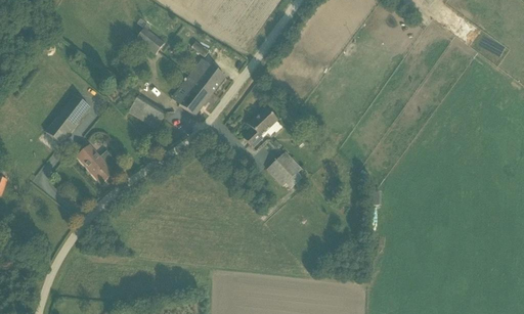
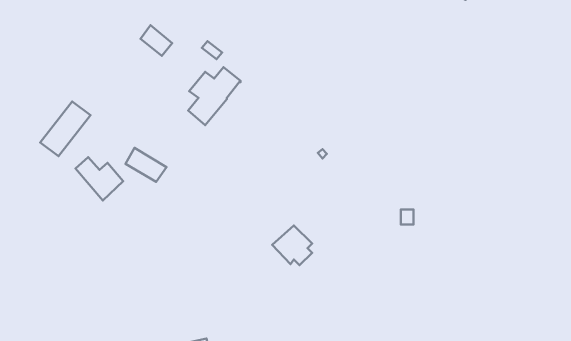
building: [128,96,165,127] -> [126,148,166,182]
building: [244,106,277,147] -> none
building: [266,151,302,187] -> [272,225,312,265]

